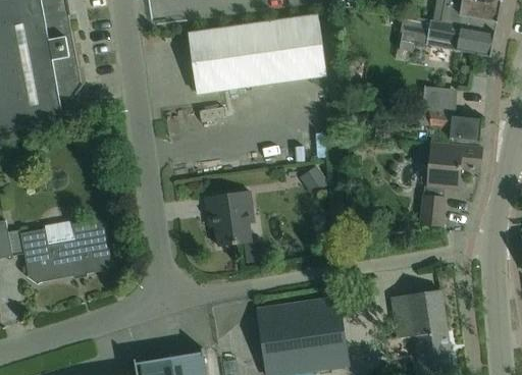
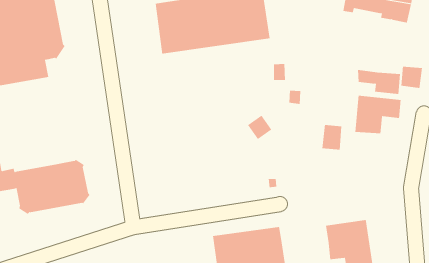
building: [429,88,456,114] -> [401,66,423,88]
building: [204,190,250,246] -> none
building: [419,195,443,225] -> [322,124,342,150]

